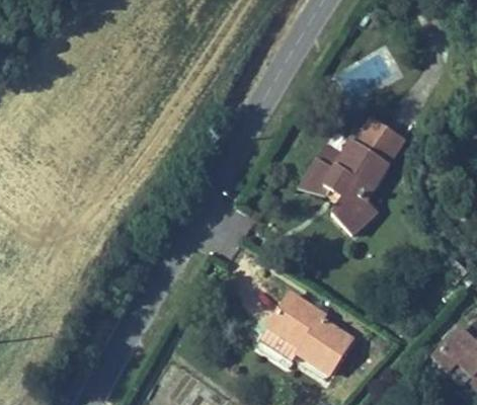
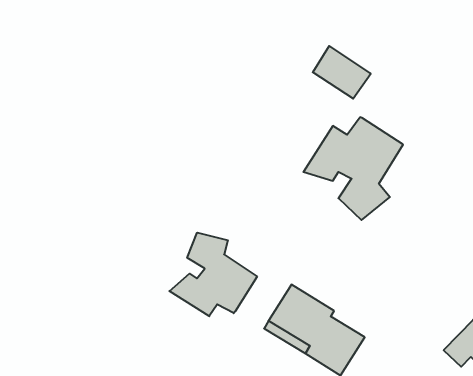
building: [353,113,407,162] -> [313,46,371,99]
building: none -> [169,233,257,316]

